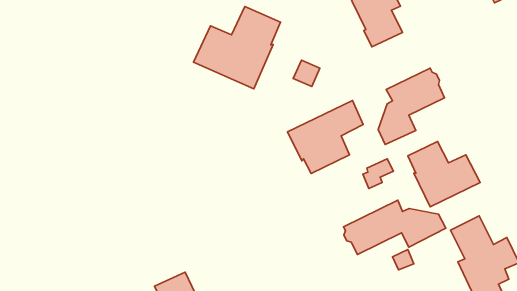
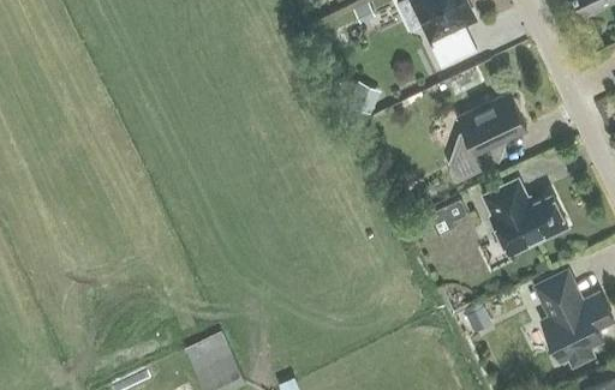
building: [194,6,281,89] -> none
building: [288,100,363,174] -> none
building: [344,200,446,254] -> none

